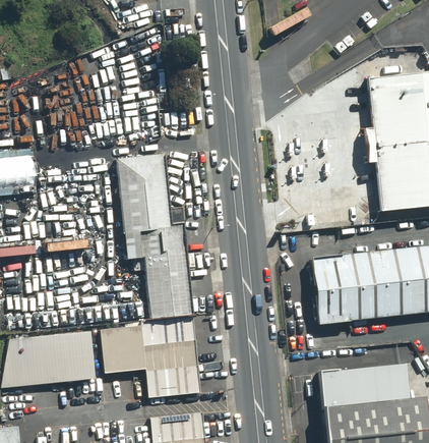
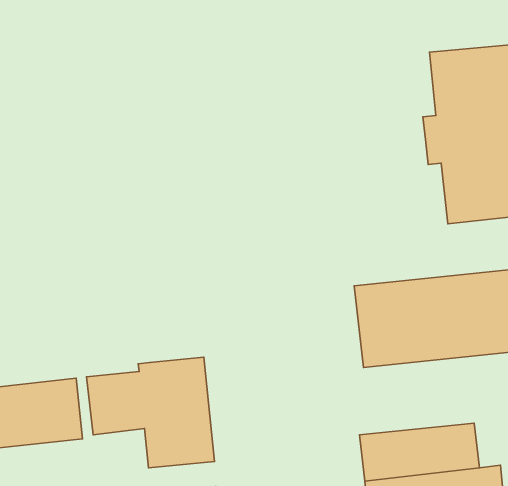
building: [117,154,192,318] -> none

